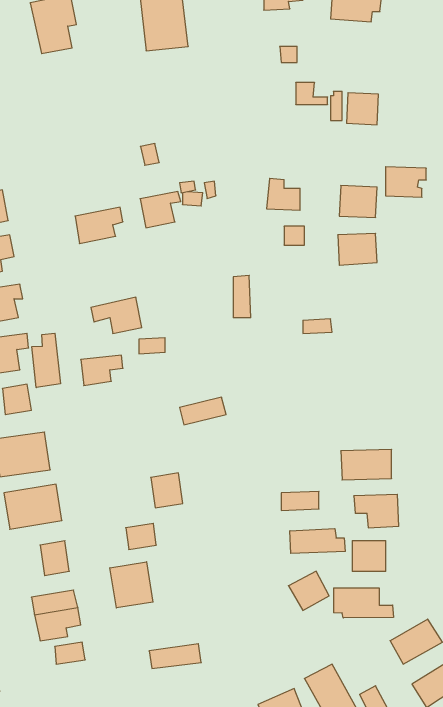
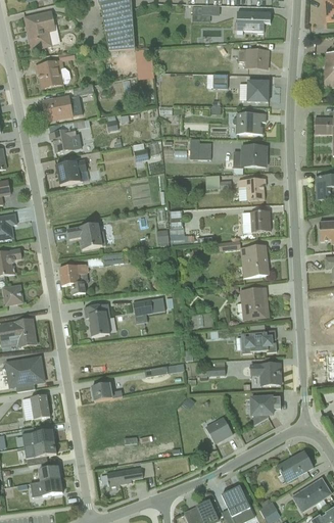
building: none -> [240,48,271,67]
building: none -> [37,60,64,88]
building: none -> [42,95,74,124]
building: [386,167,426,197] -> [238,111,267,133]
building: [140,192,181,228] -> [49,128,78,153]
building: none -> [242,211,272,231]
building: none -> [241,244,271,276]
building: [32,333,60,388] -> none
building: none -> [240,286,271,319]
building: [151,473,183,508] -> [88,312,110,336]
building: [290,529,345,553] -> none
building: [110,562,153,608] -> none
building: [334,588,393,618] -> none
building: none -> [33,478,64,497]

